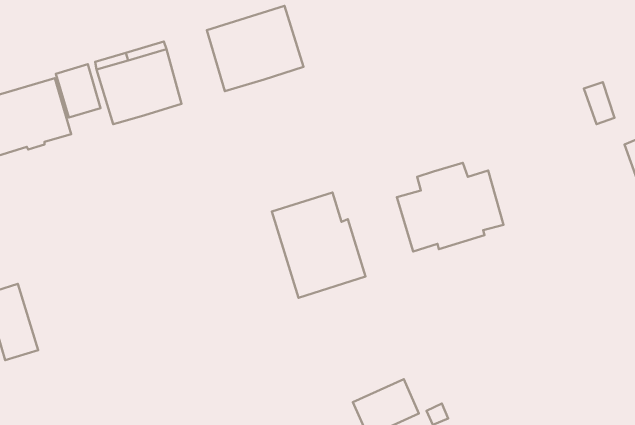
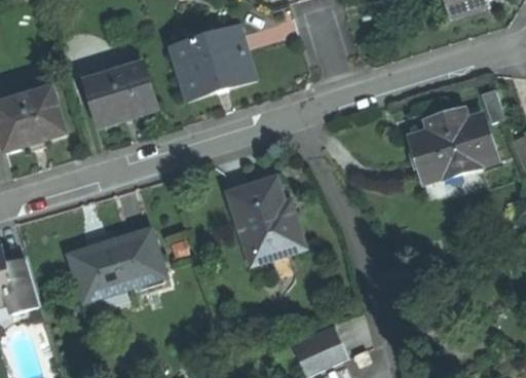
building: [56,64,100,118] -> none
building: [397,163,503,252] -> [408,109,494,181]
building: none -> [67,229,162,300]

